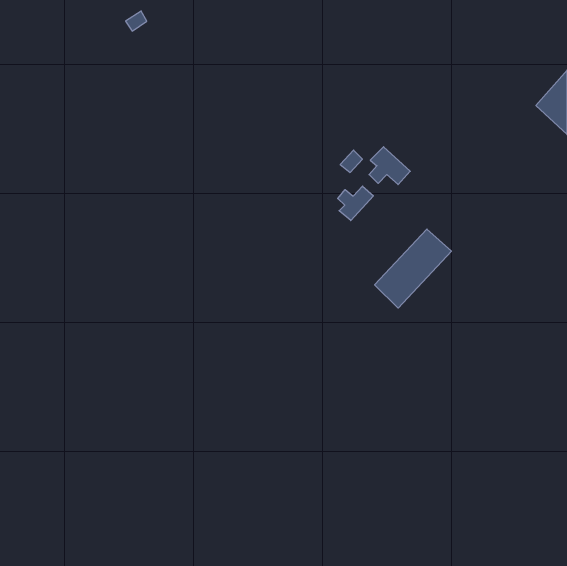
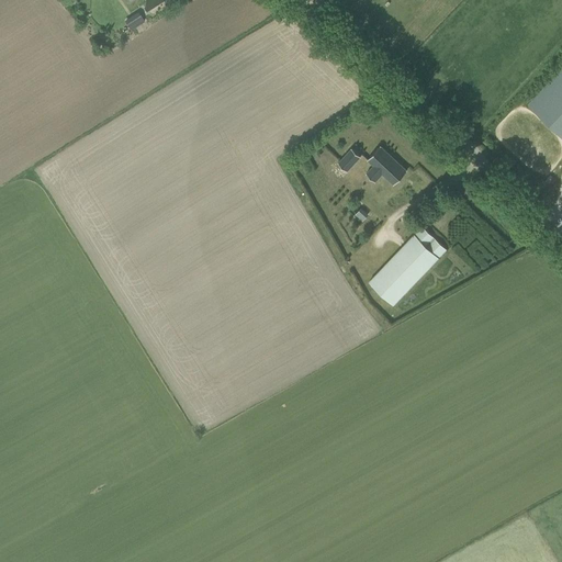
building: [338,186,373,221] -> none

